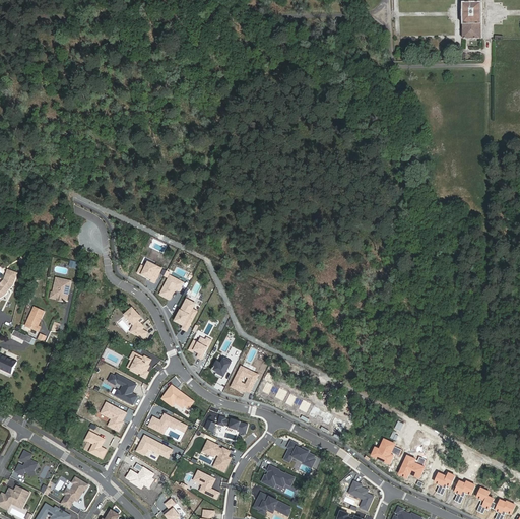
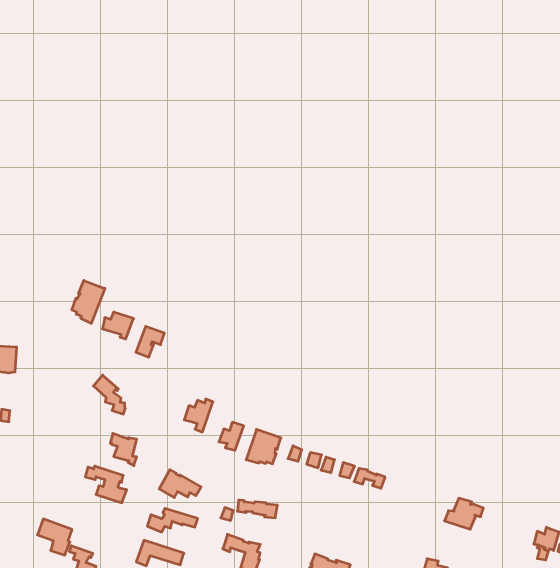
building: none -> [72,280,105,323]
building: [174,298,196,331] -> none
building: [100,401,126,431] -> [37,519,72,555]
building: [285,440,315,467] -> none
building: [399,456,426,478] -> none

